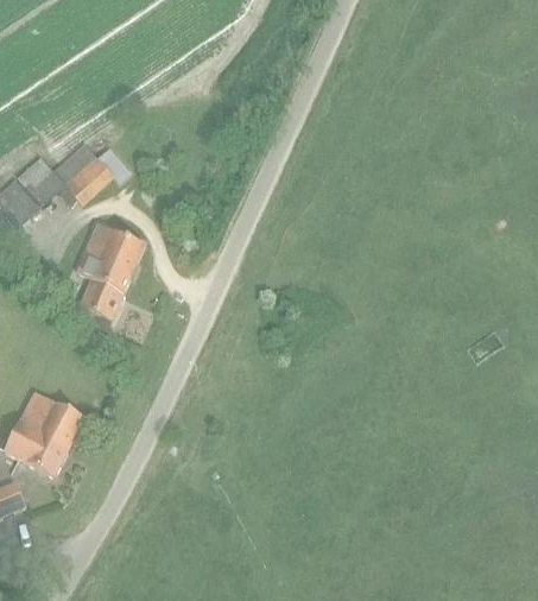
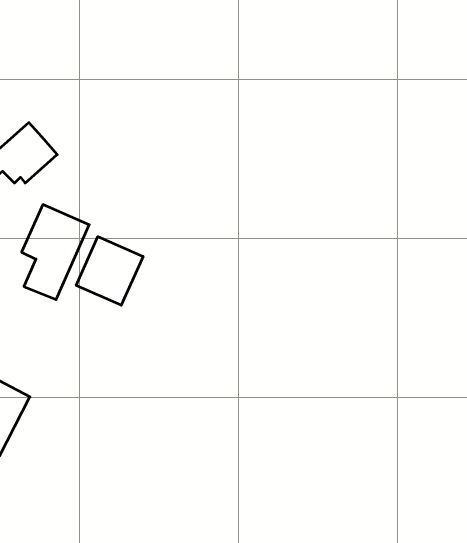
building: none -> [76,237,143,305]

